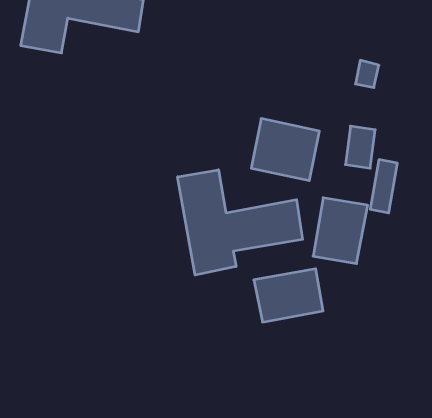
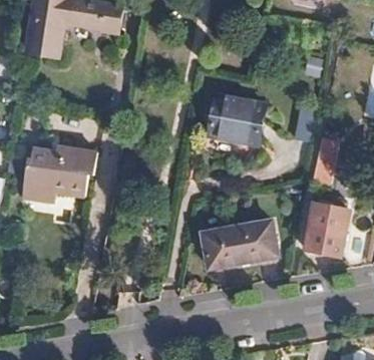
building: [178,170,303,275] -> none
building: none -> [19,143,99,197]
building: [313,198,368,264] -> [304,204,348,257]

